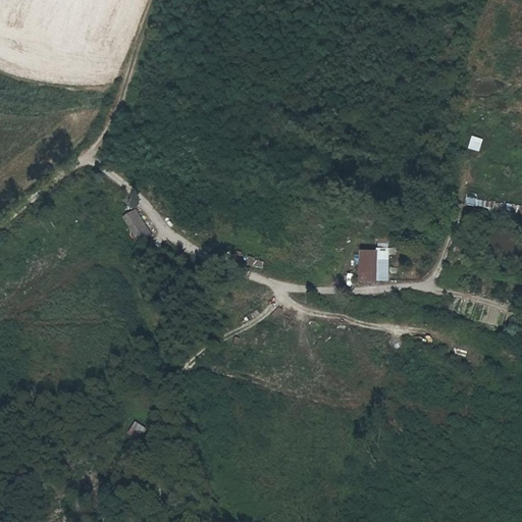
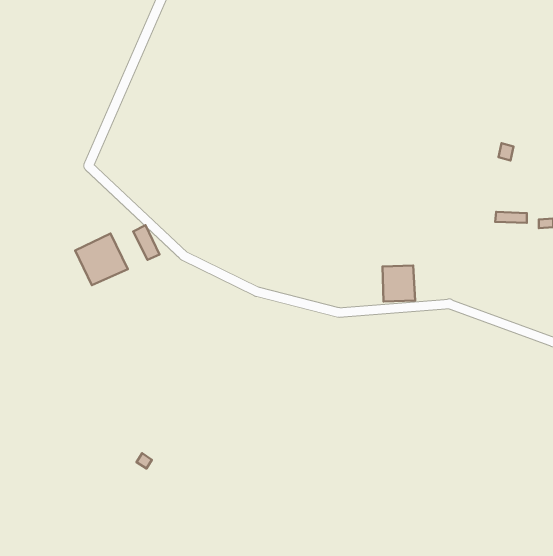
building: none -> [75,233,128,285]

